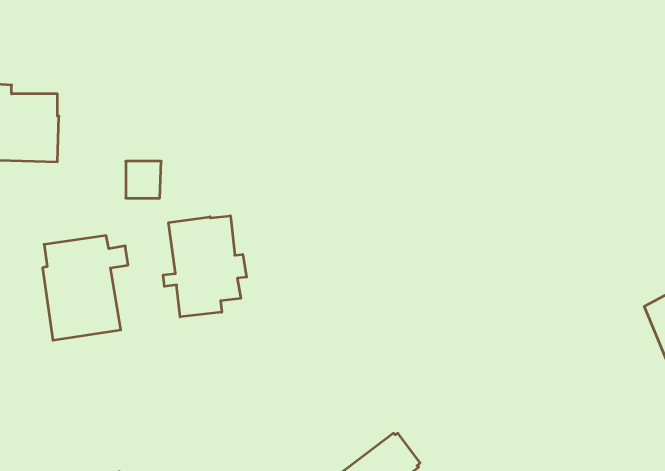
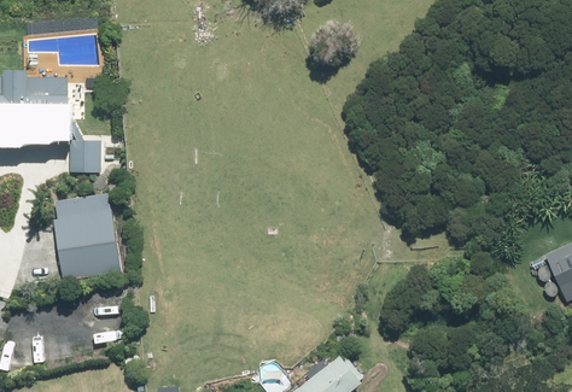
building: [126,161,161,198] -> [71,141,100,171]
building: [163,216,247,317] -> none

